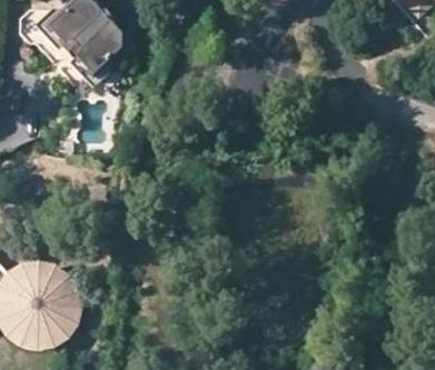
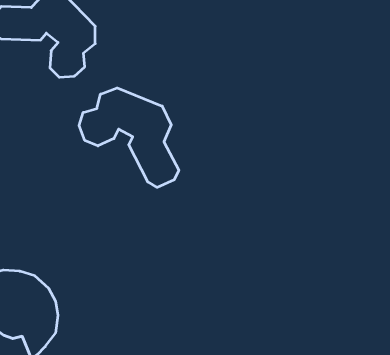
building: none -> [79,88,179,187]

